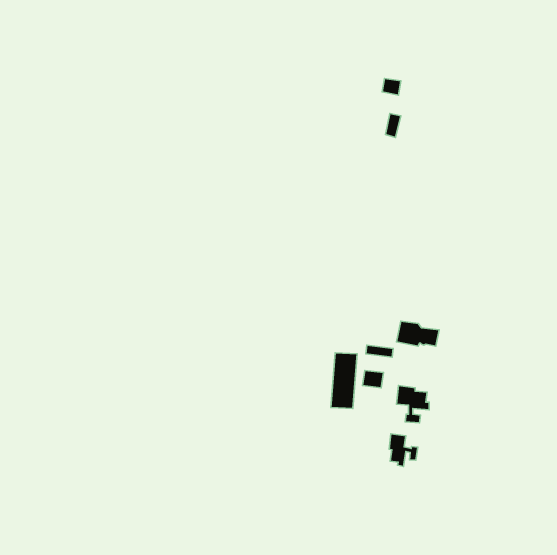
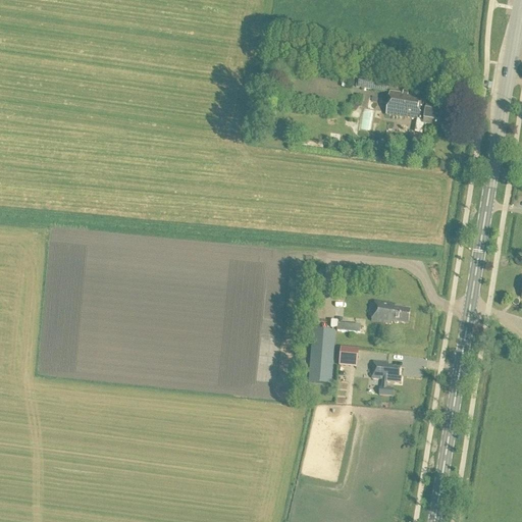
building: none -> [385,91,443,125]
building: [389,434,418,467] -> none

